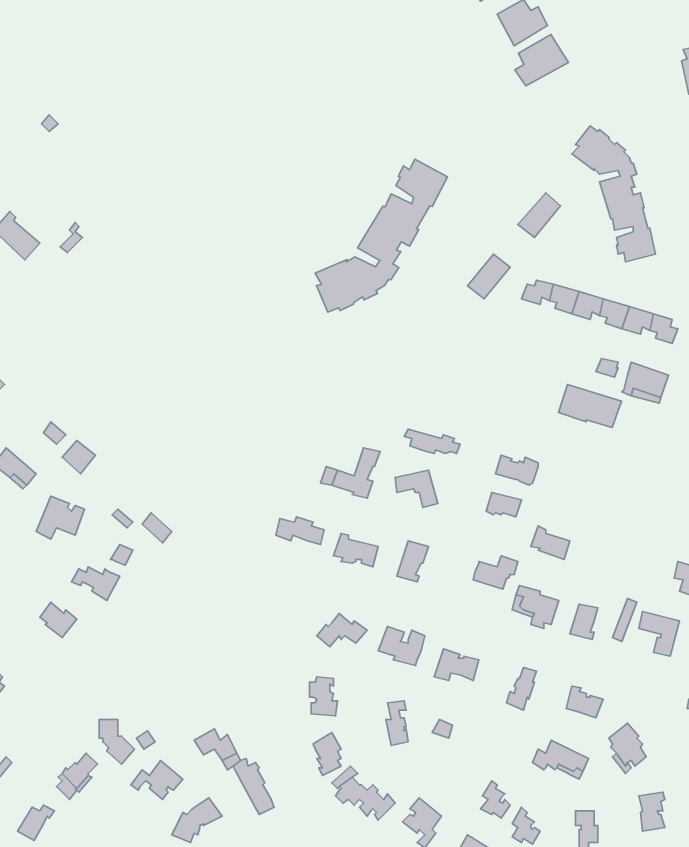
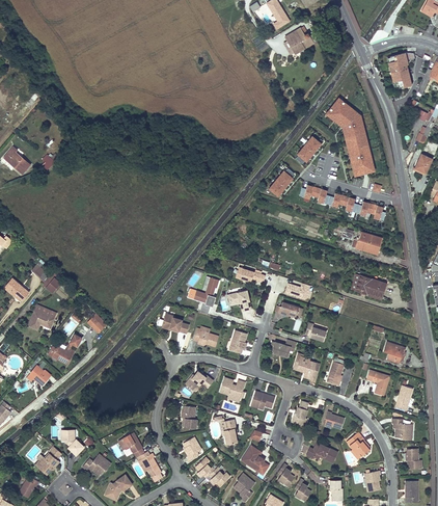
building: [515,35,568,86] -> none
building: [315,159,447,312] -> none
building: [558,385,622,427] -> [351,273,386,297]
building: none -> [240,445,268,475]

